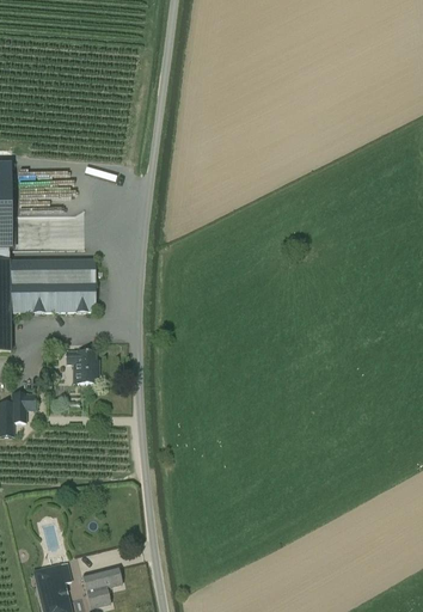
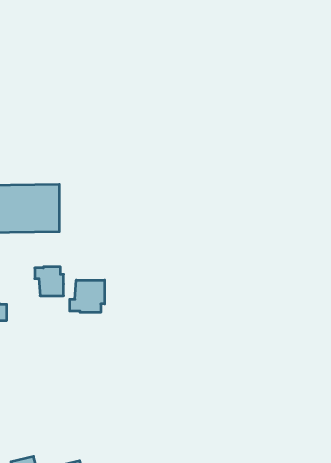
building: none -> [70,280,105,312]

